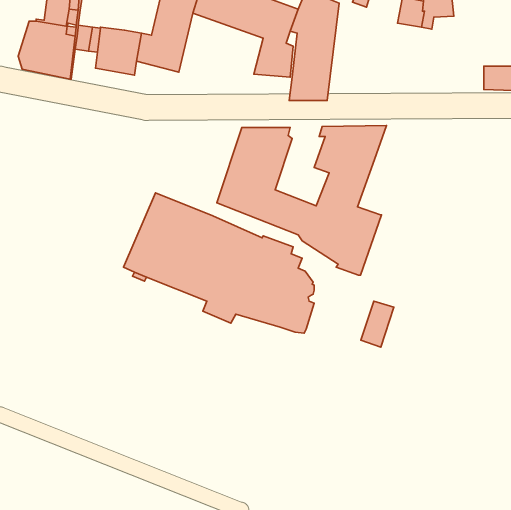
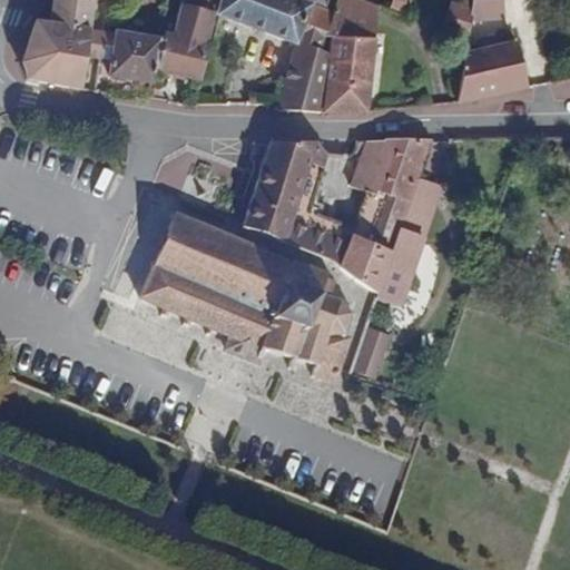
building: none -> [455,41,527,100]
building: none -> [277,82,324,111]
building: none -> [399,177,444,238]
building: [361,301,394,347] -> [358,324,395,375]

